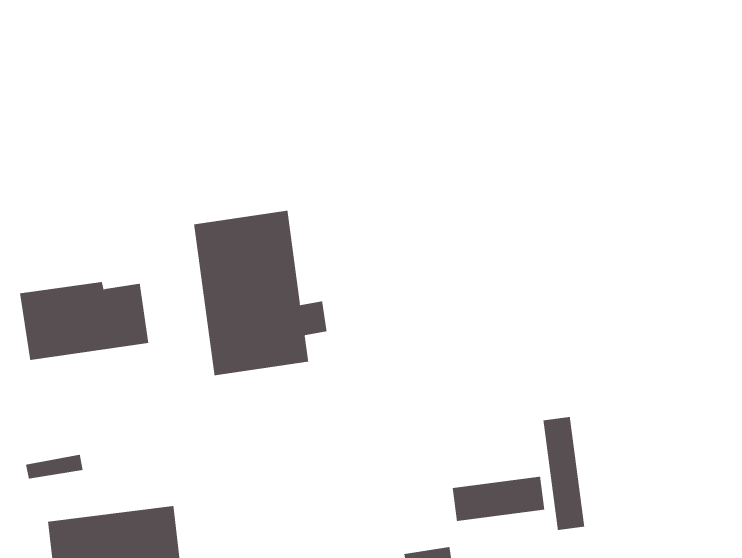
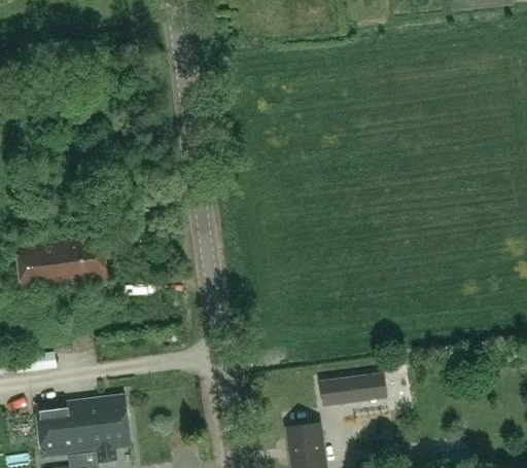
building: [193,210,327,376] -> none
building: [543,416,585,531] -> none

